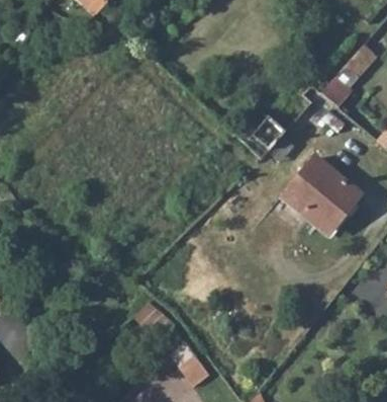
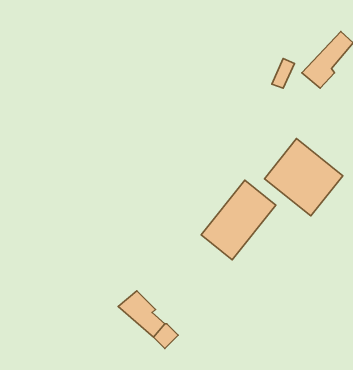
building: [226,115,286,160] -> none
building: none -> [201,180,276,260]

